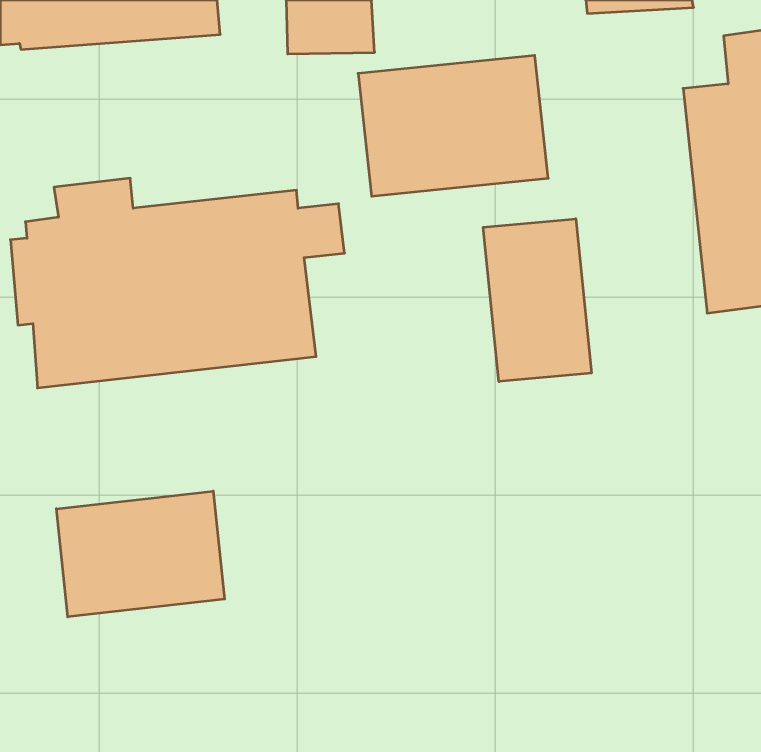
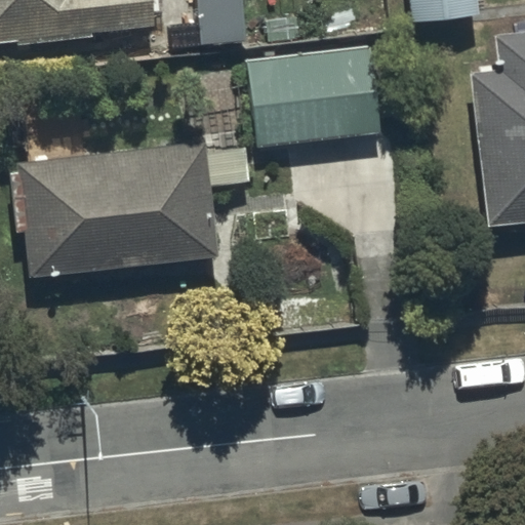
building: [483,219,591,382] -> none
building: [56,491,225,617] -> none

